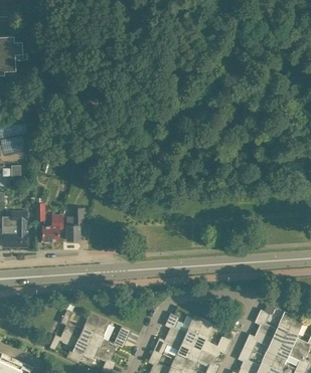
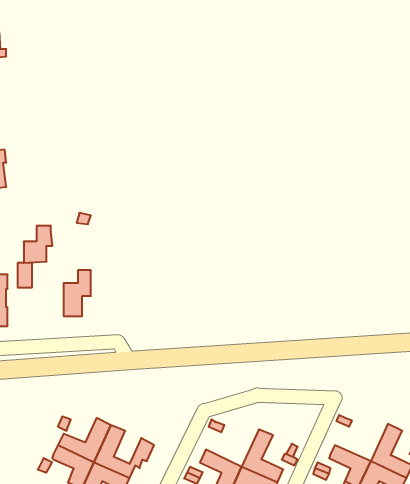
building: [42,215,62,241] -> [24,226,52,263]
building: [257,312,294,342] -> none
building: [166,315,203,346] -> none

